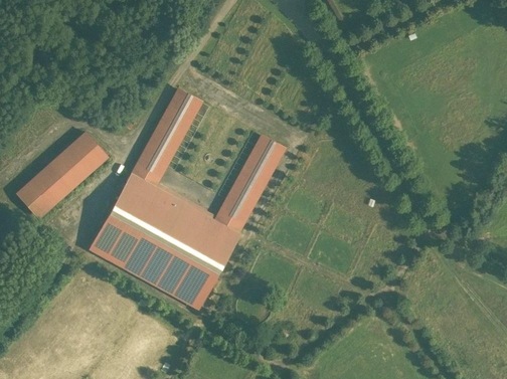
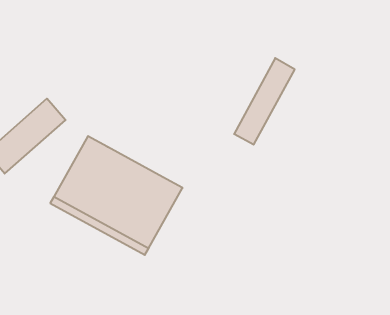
building: [132,88,200,186] -> none
building: [216,135,285,232] -> [234,58,295,145]

